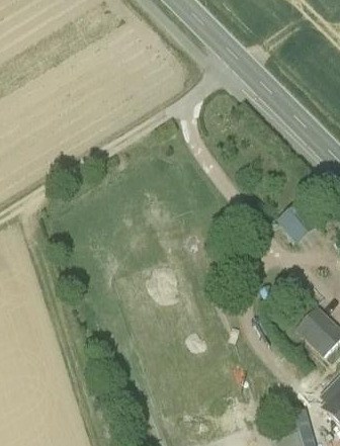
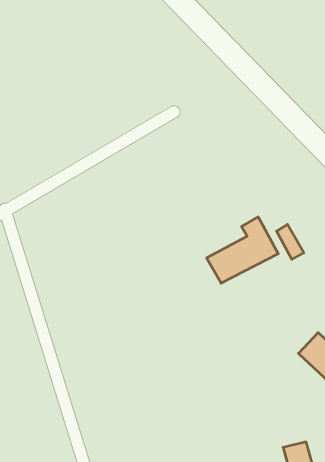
building: none -> [207,217,278,283]

